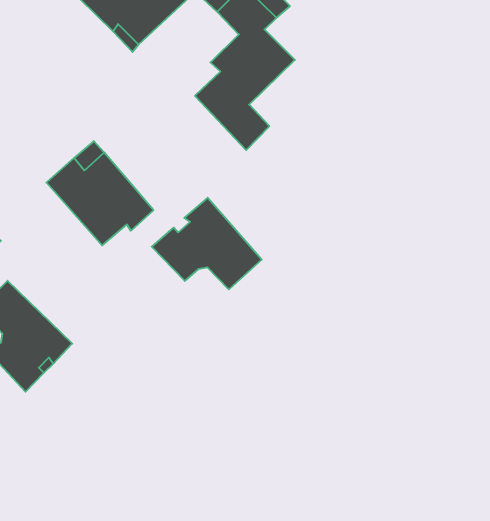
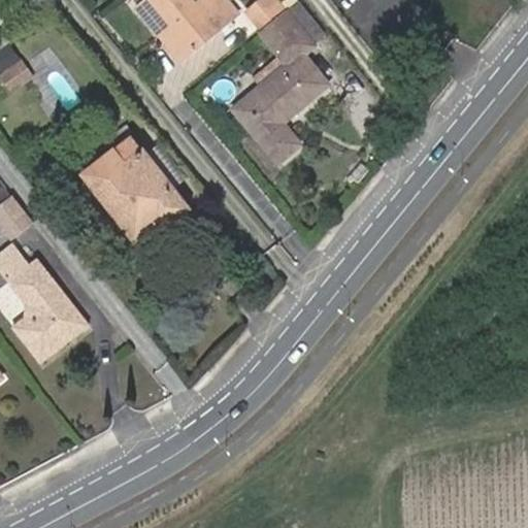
building: [152,198,262,289] -> none

